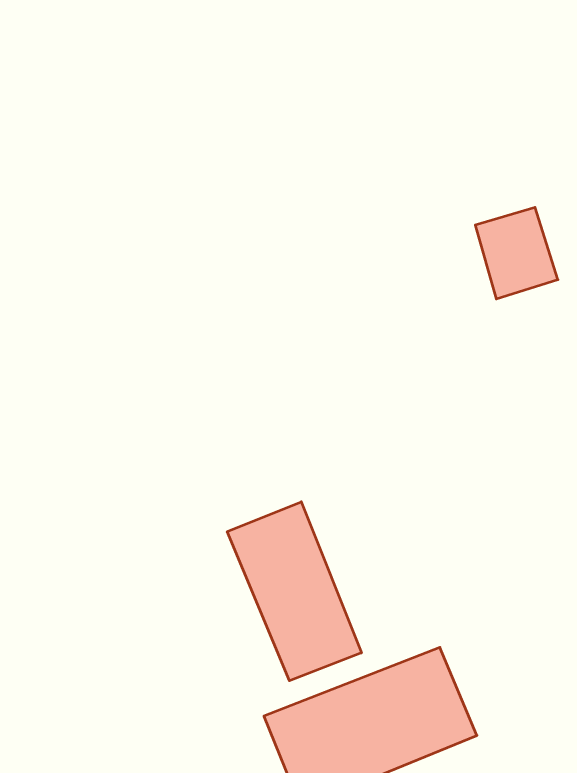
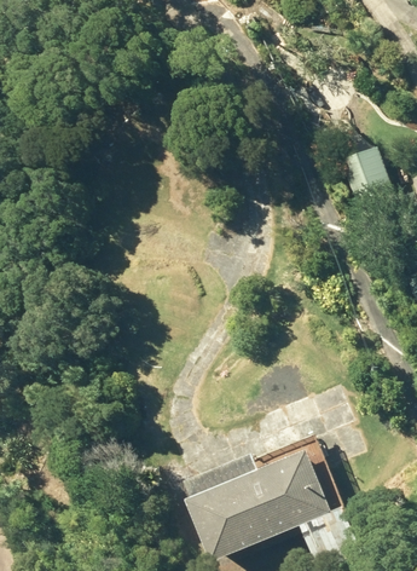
building: [227,502,361,681] -> none

